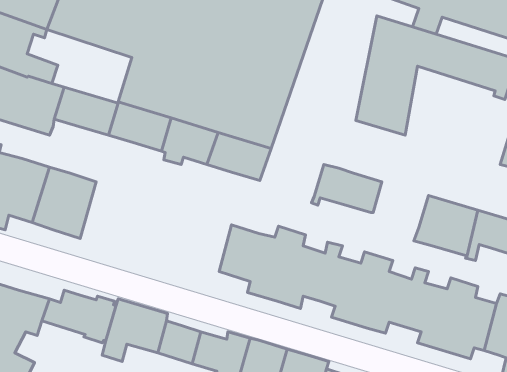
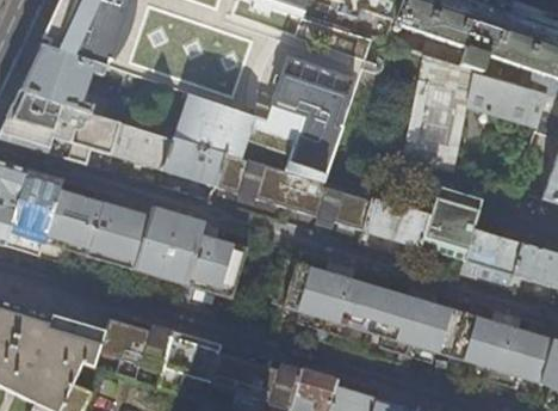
building: none -> [311,184,373,231]
building: none -> [421,188,482,260]
building: none -> [137,208,241,296]

